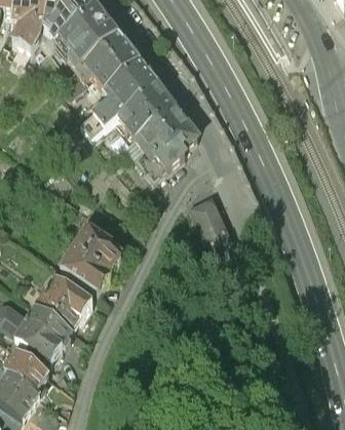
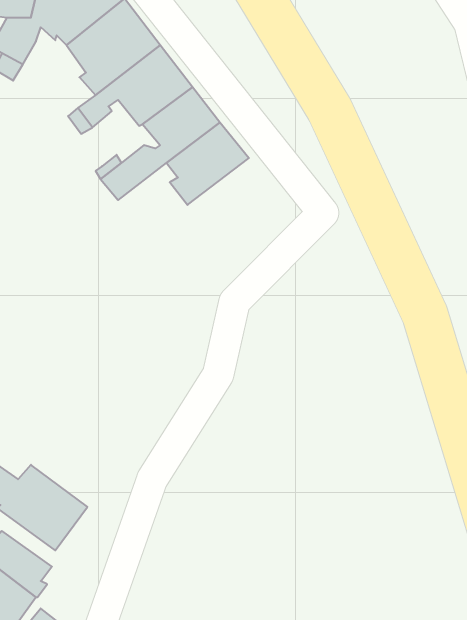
building: [135,106,198,178] -> none
building: [190,194,235,255] -> none
building: [61,223,121,289] -> none
building: [36,272,93,327] -> none

